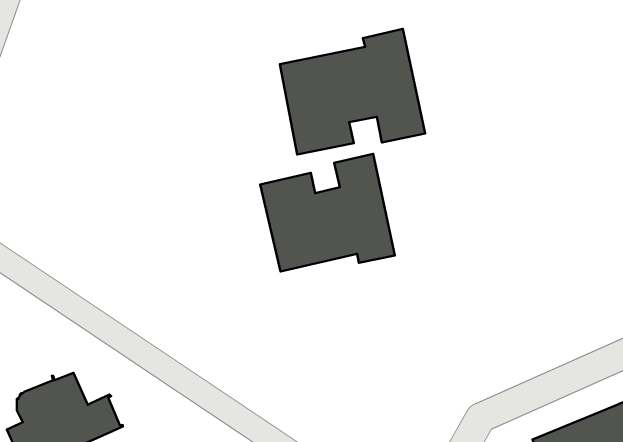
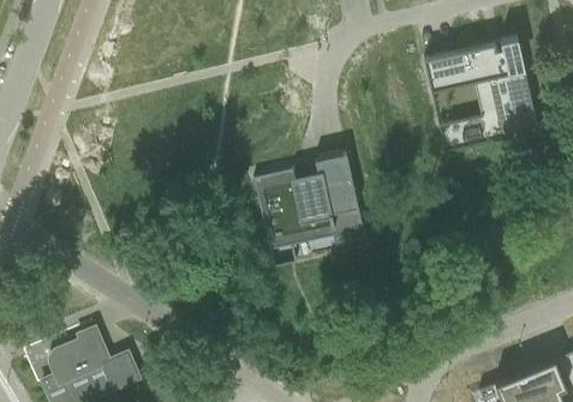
building: none -> [424,36,538,150]
building: [280,29,425,154] -> none

